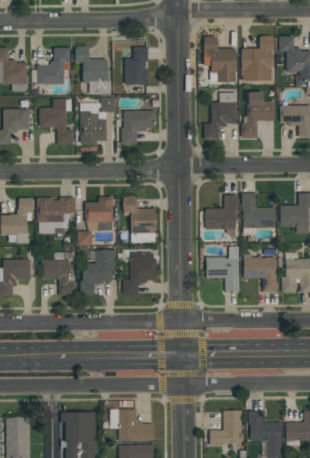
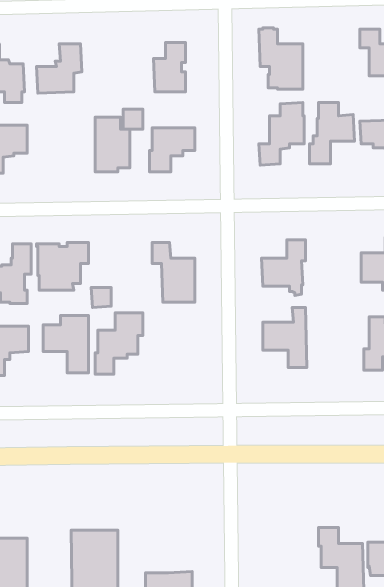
building: [241,36,273,81] -> none
building: [75,46,111,94] -> none
building: [39,99,73,144] -> none
building: [242,193,275,234] -> none
building: [85,197,113,223] -> none
building: [123,253,157,295] -> none
building: [244,257,277,293] -> none
building: [109,409,153,441] -> none
building: [209,411,241,446] -> none

